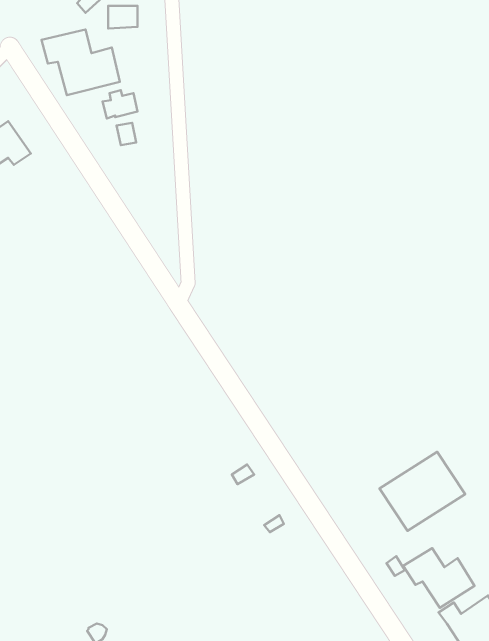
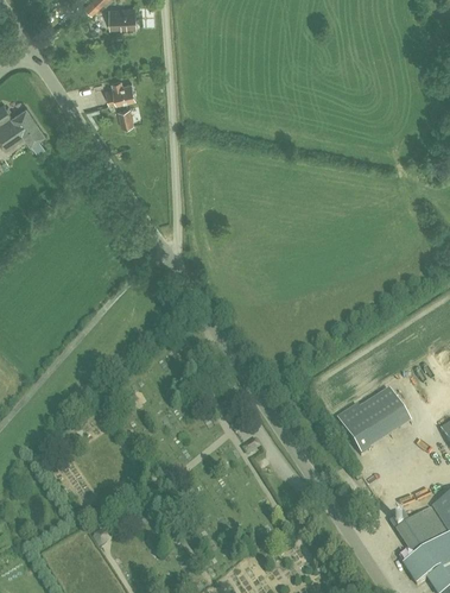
building: [42,29,120,95] -> none
building: [403,548,475,608] -> none

